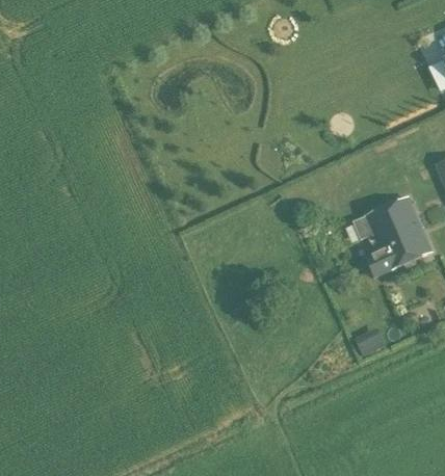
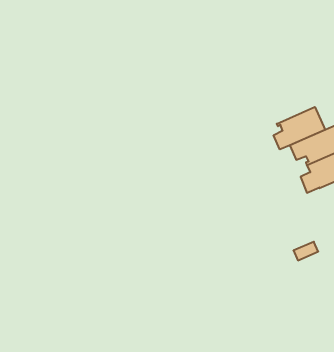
building: none -> [274,107,325,149]

